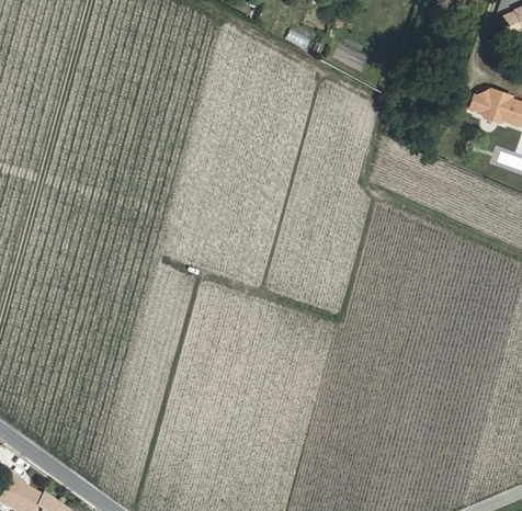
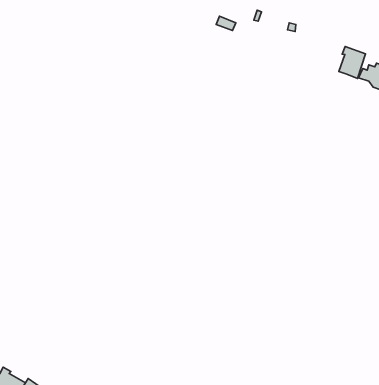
building: none -> [339,46,366,78]

